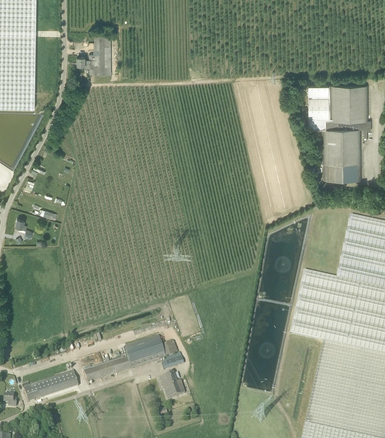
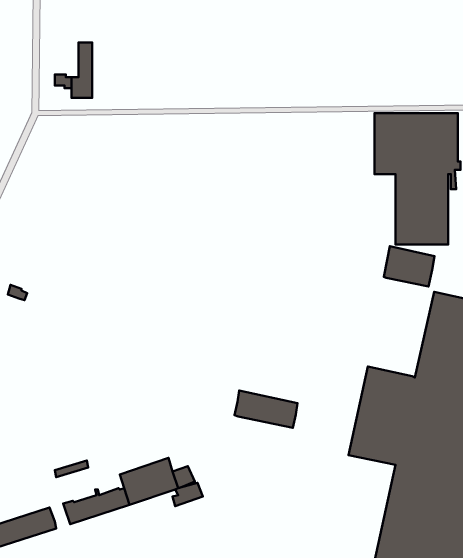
building: none -> [384,246,435,287]
building: none -> [235,391,298,428]
building: [159,372,185,399] -> none

